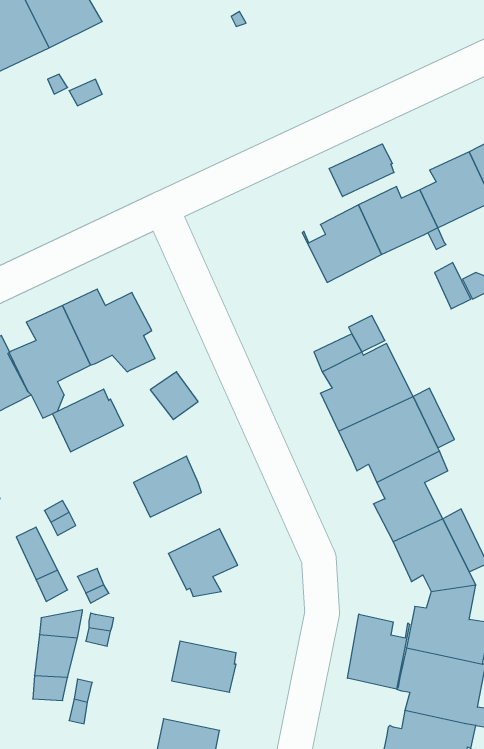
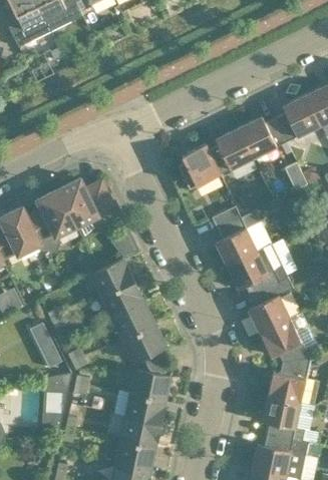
building: [329,144,394,197] -> none
building: none -> [177,144,219,188]
building: [52,389,124,452] -> [90,258,133,296]
building: none -> [111,302,153,339]
building: none -> [129,362,169,399]
building: [347,614,409,689] -> none
building: none -> [119,416,159,446]

